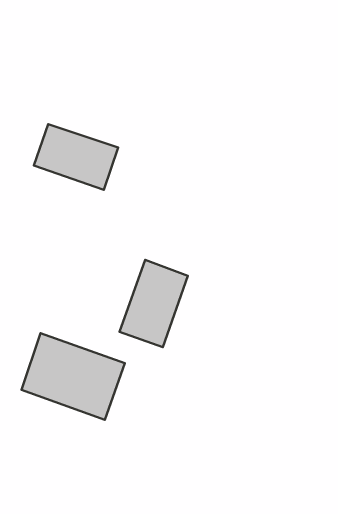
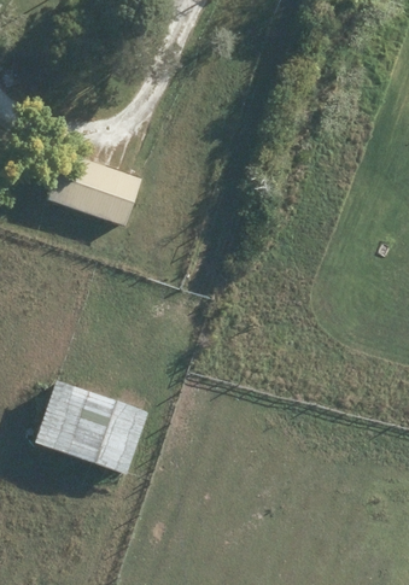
building: [120,260,188,347] -> none

